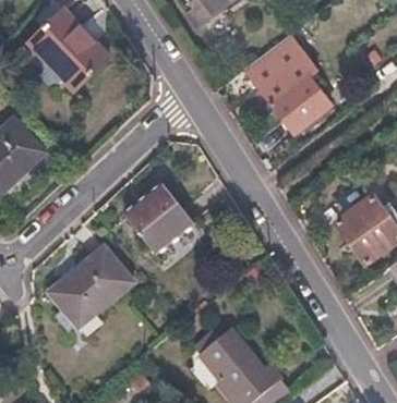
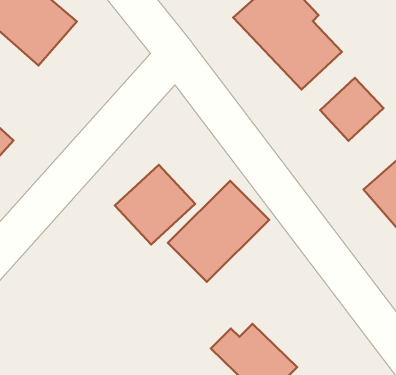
building: none -> [320,78,383,141]
building: [48,245,135,328] -> [168,181,269,282]

